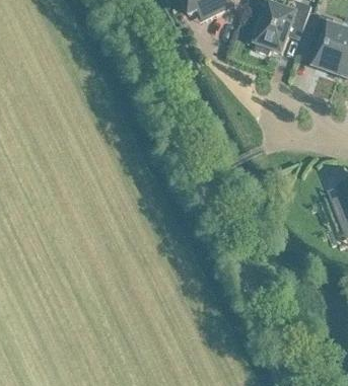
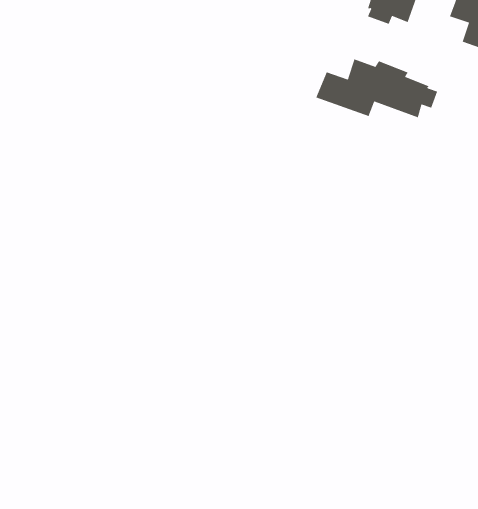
building: none -> [316,59,438,118]

